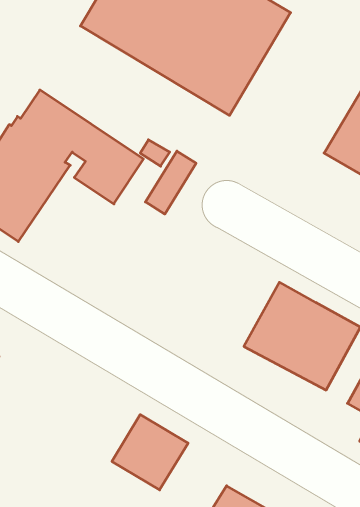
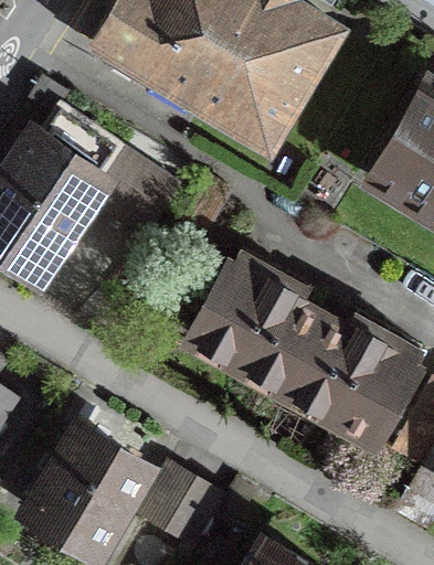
building: none -> [192,270,321,390]
building: none -> [35,434,144,551]

